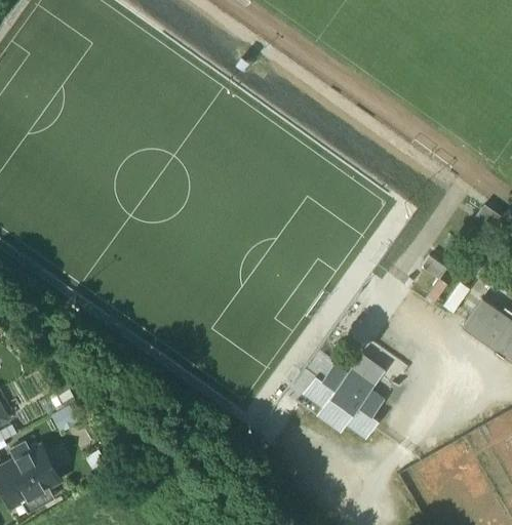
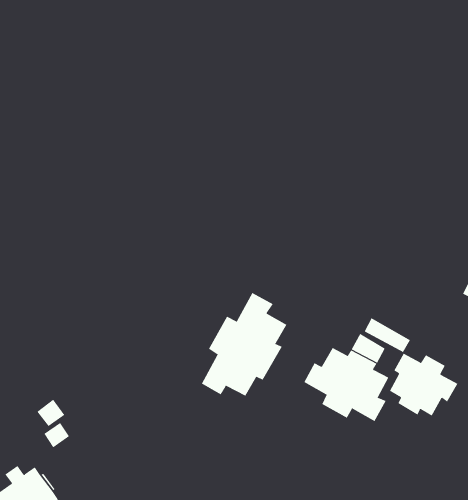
building: none -> [201,292,287,397]
building: none -> [389,353,458,416]

